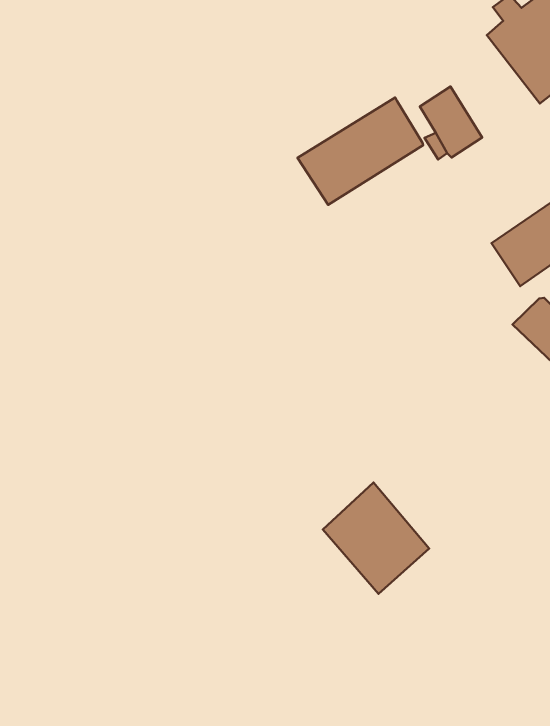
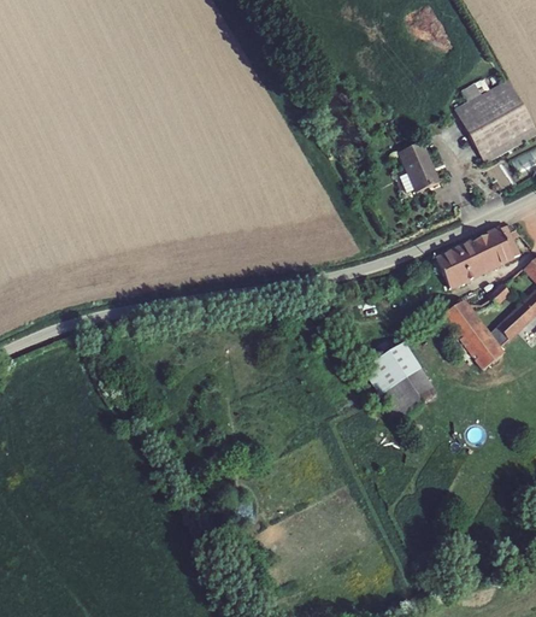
building: [298,98,423,205] -> none
building: [323,483,429,594] -> [363,342,436,422]

